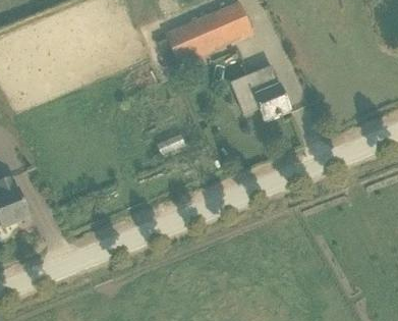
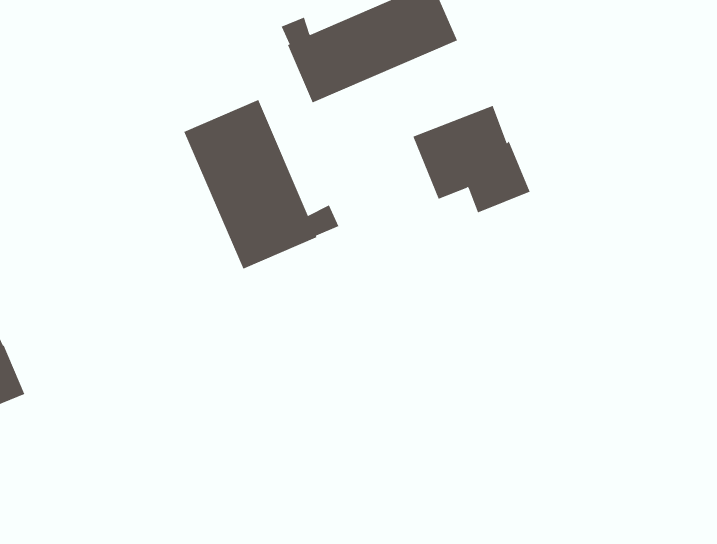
building: none -> [183,99,339,270]

